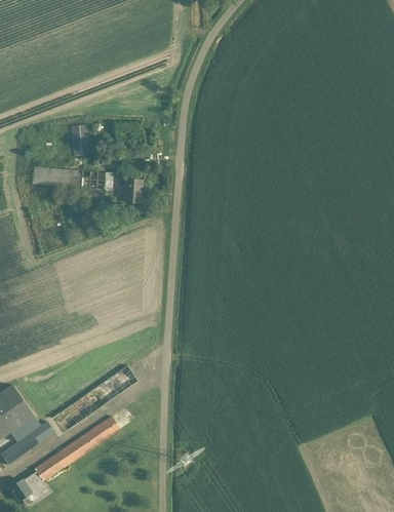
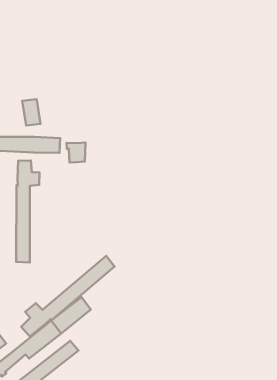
building: none -> [16,161,40,262]
building: none -> [21,256,115,337]

